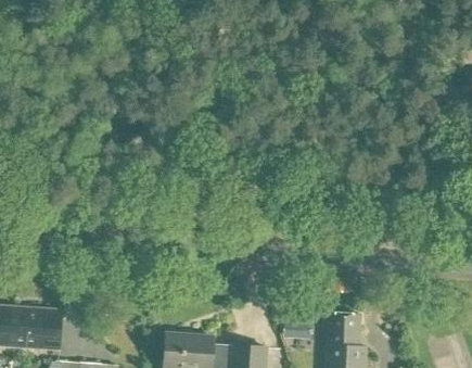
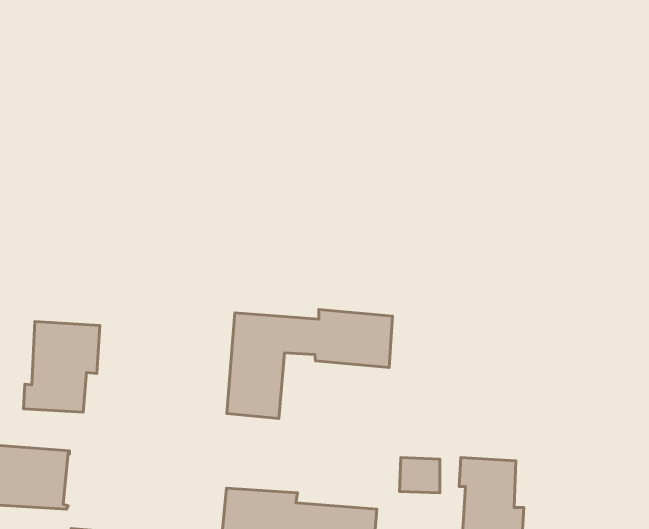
building: none -> [227,310,392,418]
building: none -> [23,322,100,412]

